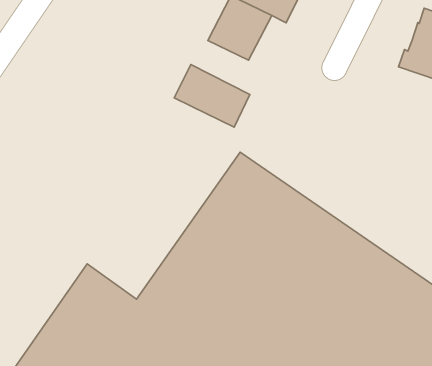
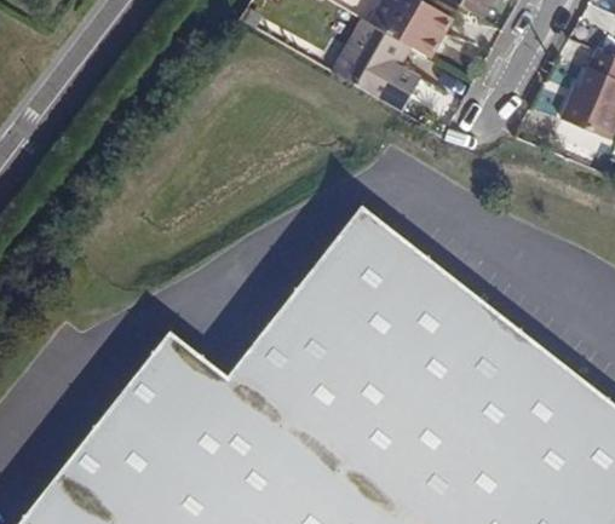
building: [174,64,250,127] -> none

